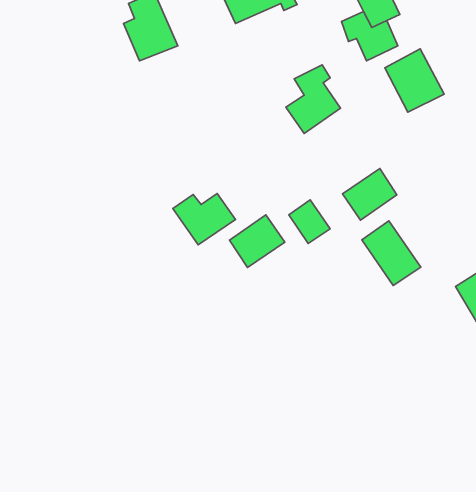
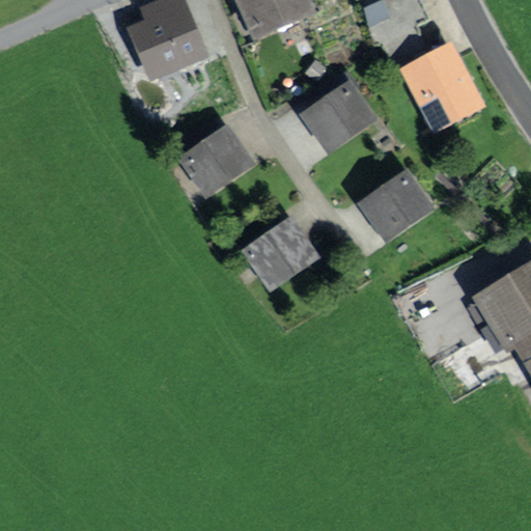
building: [173,193,235,245] -> [180,137,245,190]
building: [289,200,330,244] -> none
building: [362,221,421,286] -> none

